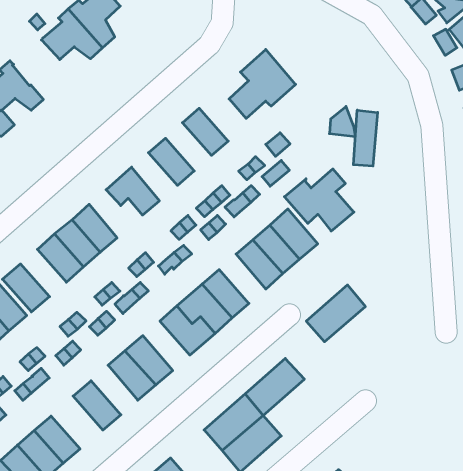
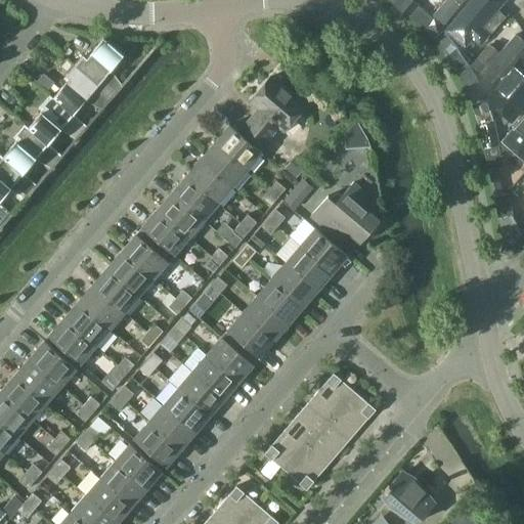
building: none -> [28,94,88,145]
building: none -> [215,126,263,171]
building: [353,110,378,166] -> none
building: none -> [186,160,233,205]
building: none -> [158,193,205,238]
building: none -> [122,235,175,280]
building: none -> [63,303,111,347]
building: none -> [257,279,305,325]
building: [306,285,365,342] -> [320,391,376,449]
building: none -> [192,355,241,401]
building: none -> [148,405,196,451]
building: none -> [115,445,162,490]

